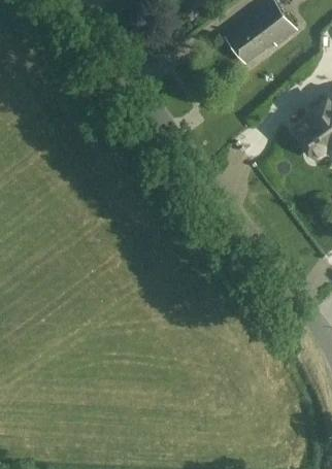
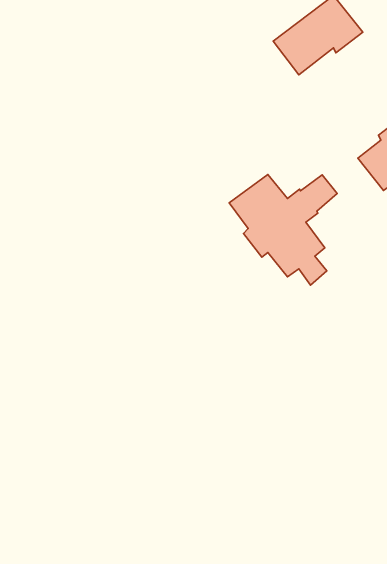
building: none -> [229,174,337,285]

